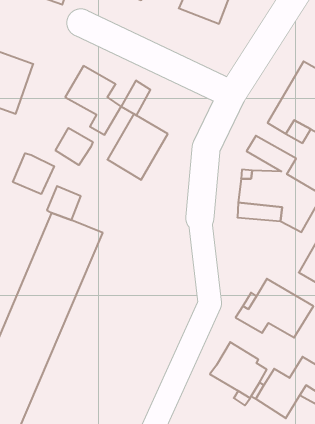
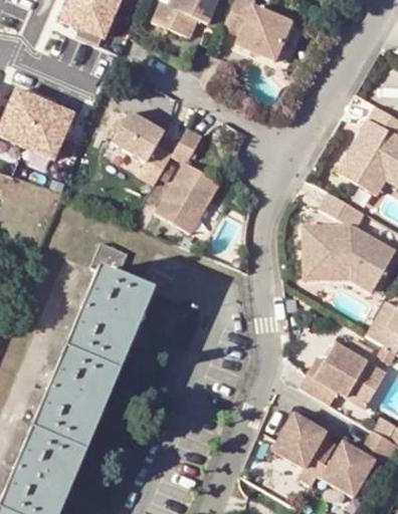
building: [56,128,93,165] -> none
building: [13,153,54,194] -> none

